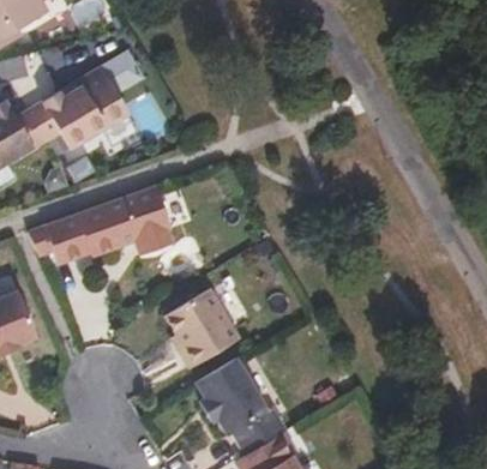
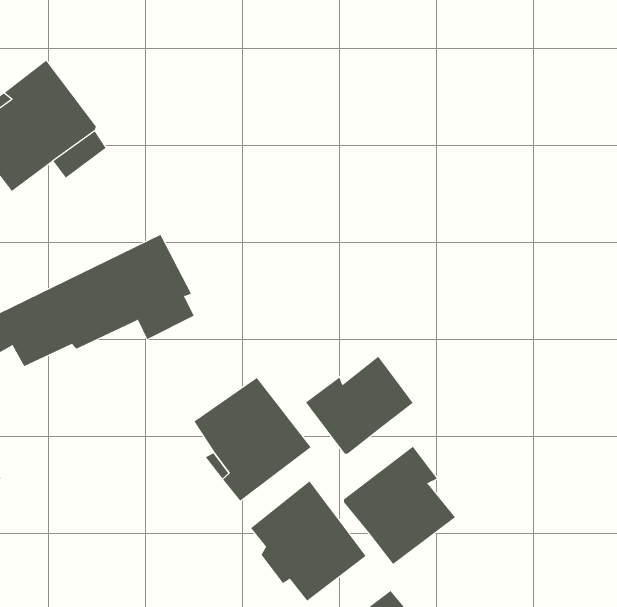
building: none -> [305,356,414,455]
building: none -> [343,446,456,565]

